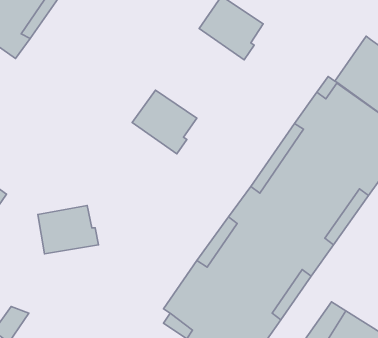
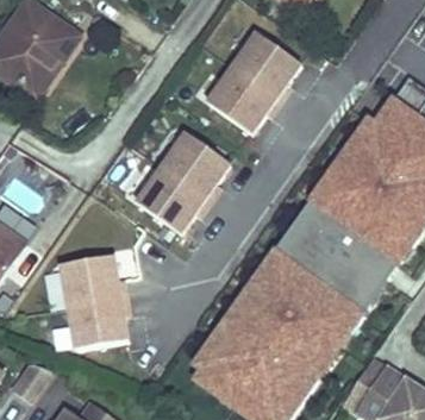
building: none -> [205,68,277,133]
building: none -> [135,168,206,234]
building: none -> [65,297,126,350]

